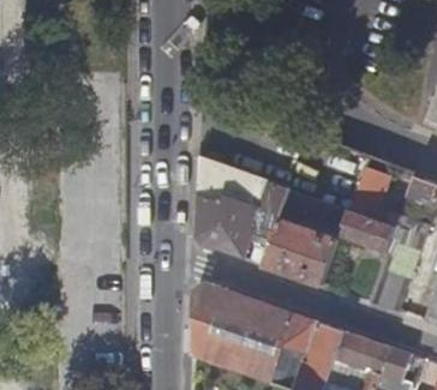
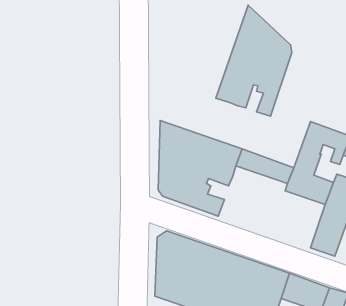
building: none -> [216,5,292,116]
building: [263,220,339,284] -> none

